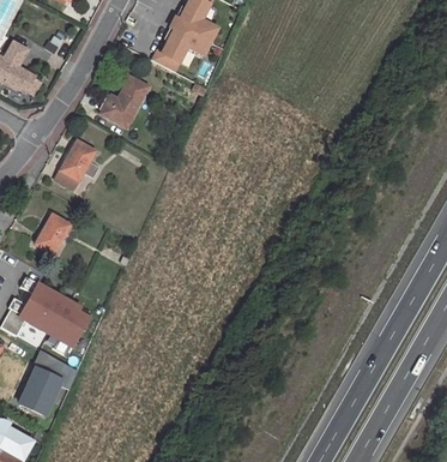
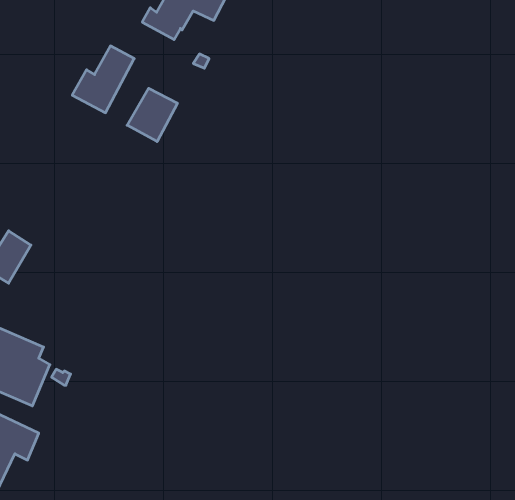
building: none -> [127,88,177,142]
building: [55,140,99,190] -> none

